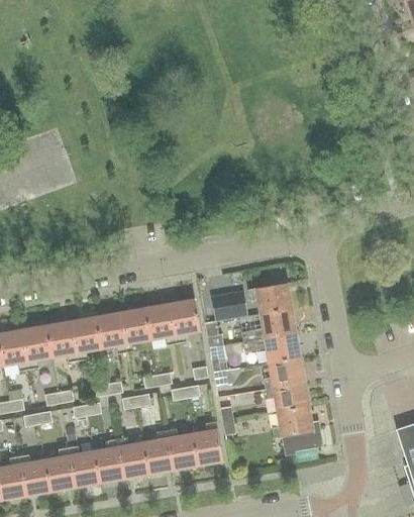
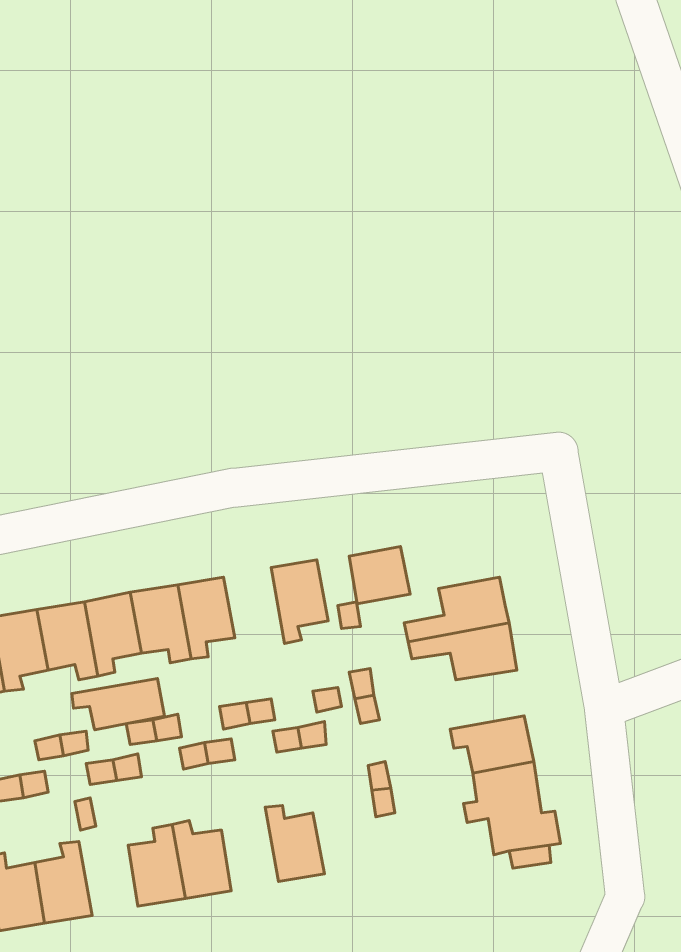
building: [248,282,292,313] -> none
building: [145,302,178,343] -> none
building: [264,356,305,388] -> none
building: none -> [72,678,165,730]
building: [193,421,224,464] -> none
building: [144,429,175,474] -> none
building: [69,445,100,487] -> none

